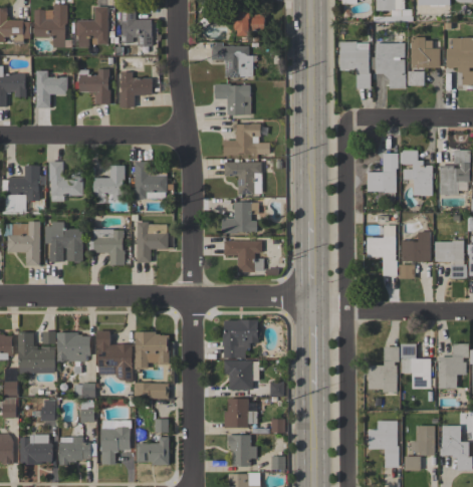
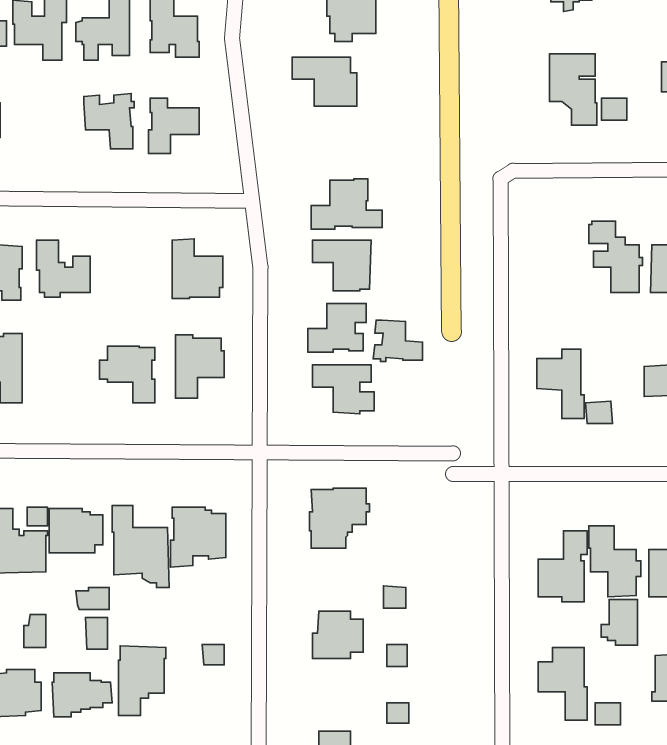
building: [411,37,440,67] -> none
building: [339,41,371,88] -> none
building: [36,70,66,100] -> none
building: [211,83,250,114] -> none
building: [367,153,398,201] -> none
building: [93,165,125,203] -> none
building: none -> [373,320,422,362]
building: [49,222,82,262] -> none
building: [401,231,430,261] -> none
building: [224,360,258,390] -> none
building: [134,383,168,399] -> none
building: [411,426,434,455] -> [601,599,637,645]
building: [227,435,256,466] -> none
building: [136,437,169,465] -> none

